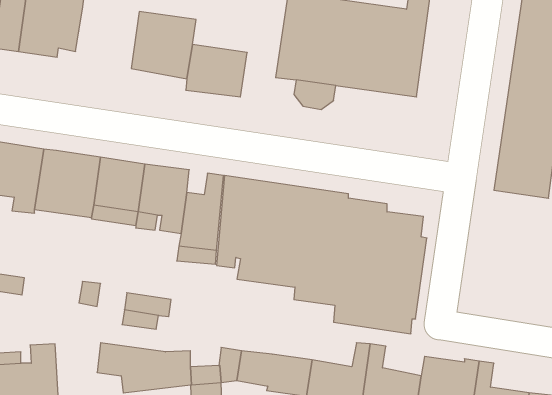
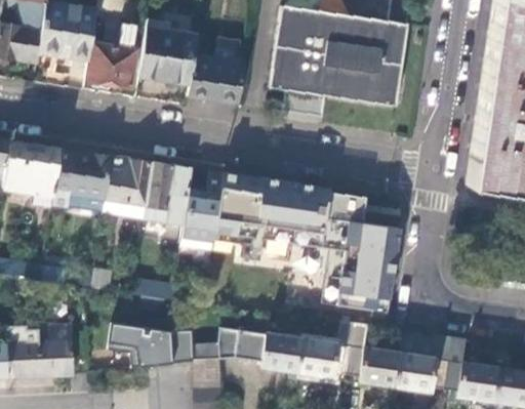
building: none -> [86,22,136,86]

